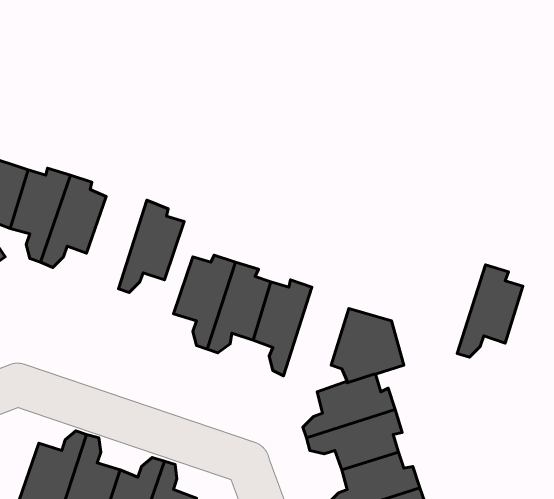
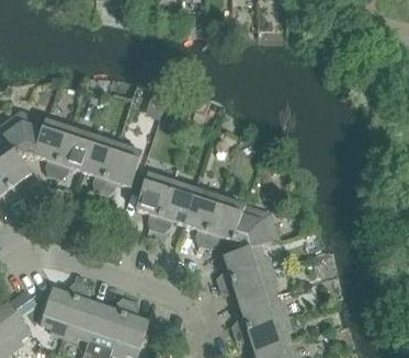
building: none -> [82,135,120,194]
building: [457,265,523,357] -> [204,193,245,250]

